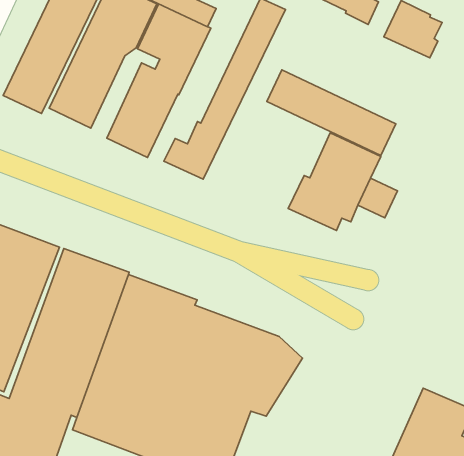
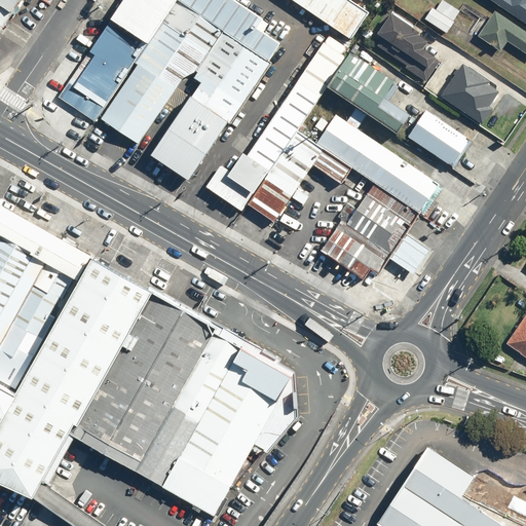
building: none -> [325,52,408,135]
building: none -> [407,110,468,166]
building: none -> [248,132,351,221]

